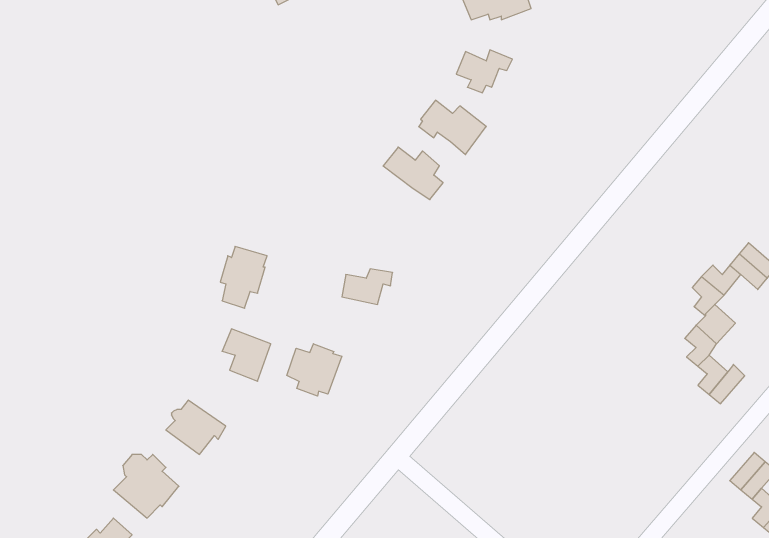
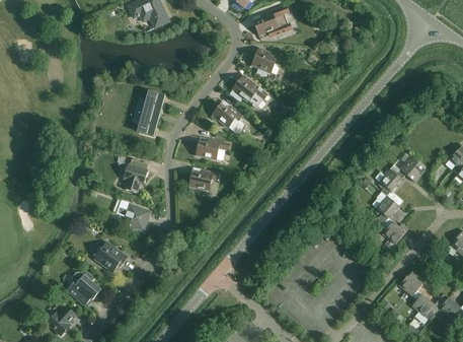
building: none -> [135,92,163,135]
building: none -> [196,139,229,159]
building: [287,344,342,396] -> none

